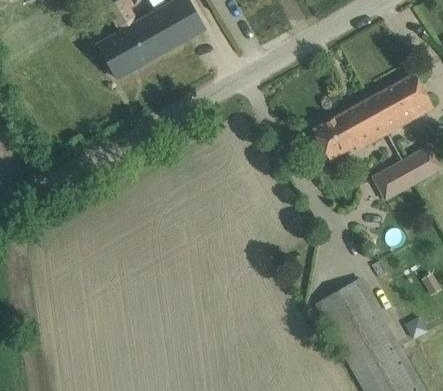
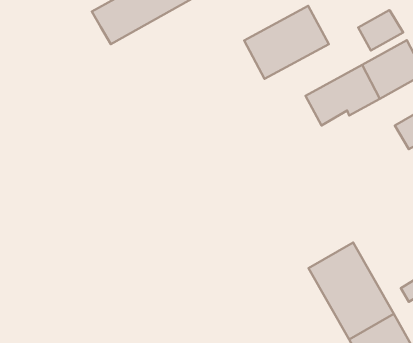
building: none -> [244,6,329,79]
building: none -> [358,10,403,50]
building: [373,159,417,200] -> none

